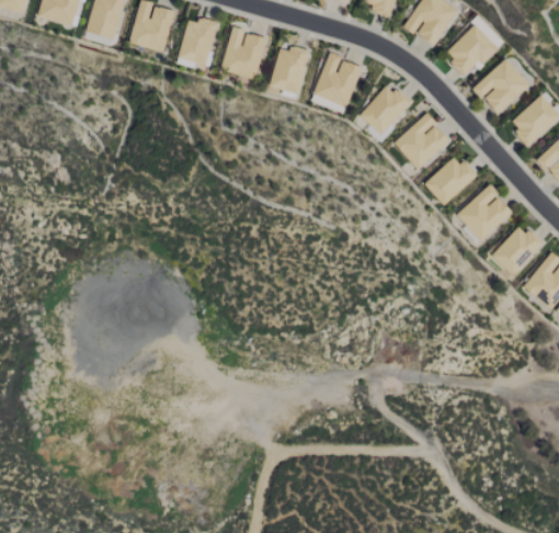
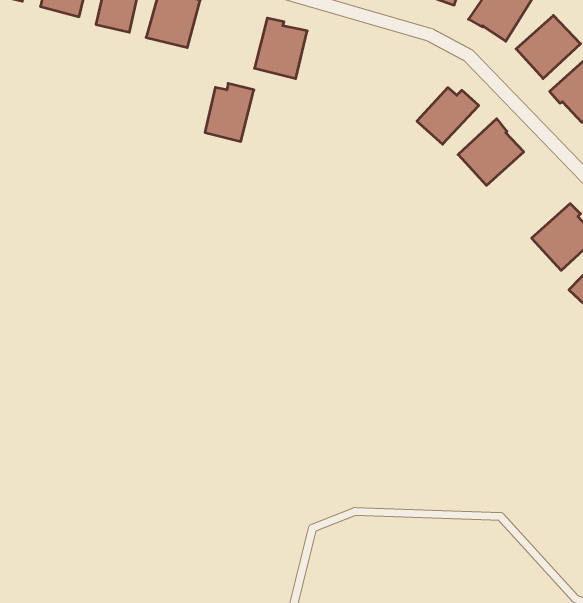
building: [179,16,220,66] -> [205,83,254,141]
building: [271,46,310,92] -> none
building: [315,52,363,106] -> none
building: [424,157,478,205] -> none

